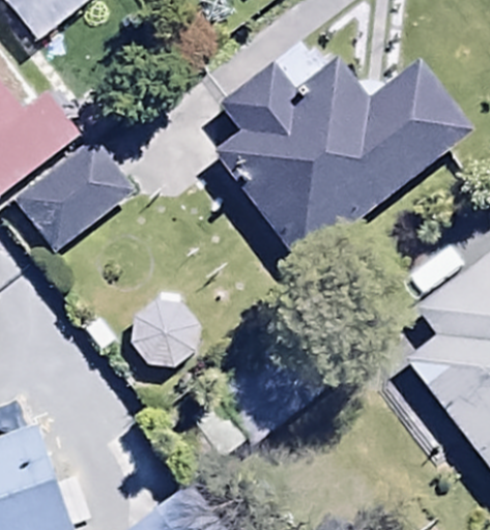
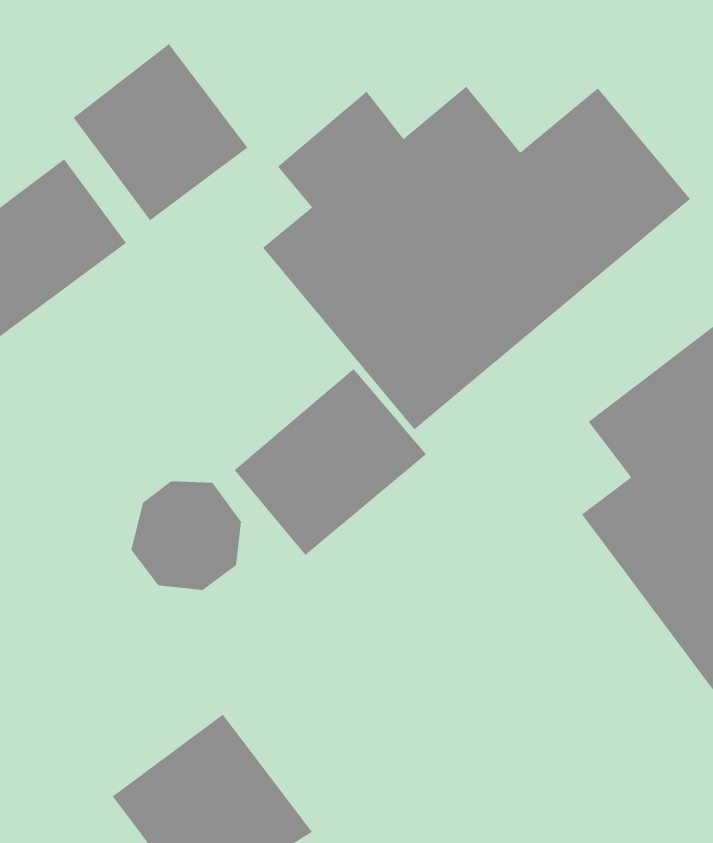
building: none -> [73,43,248,221]
building: none -> [234,368,427,556]

